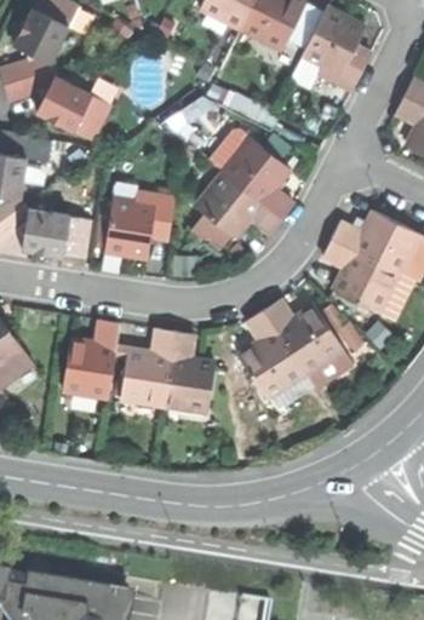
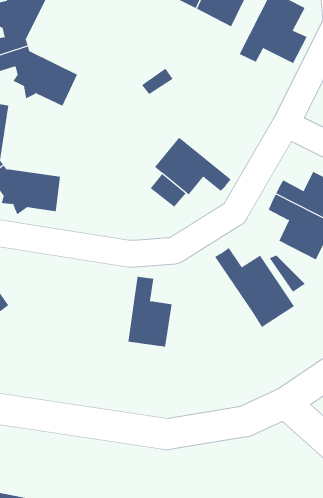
building: [210,128,294,222] -> none
building: [105,193,174,258] -> none
building: [240,309,306,398] -> none
building: [63,321,120,397] -> none
building: [122,328,176,404] -> none

